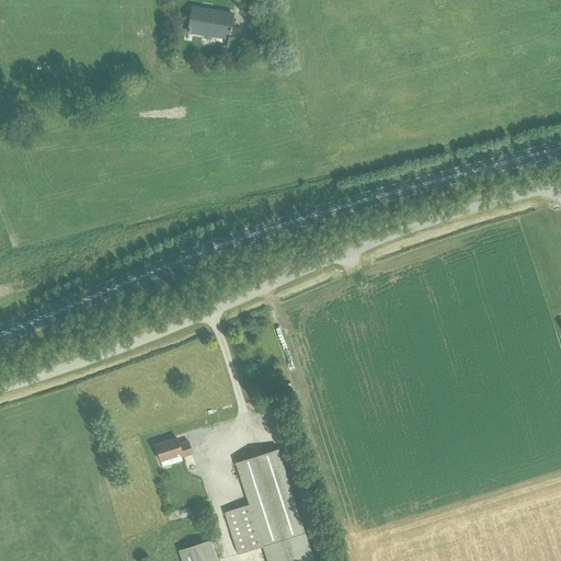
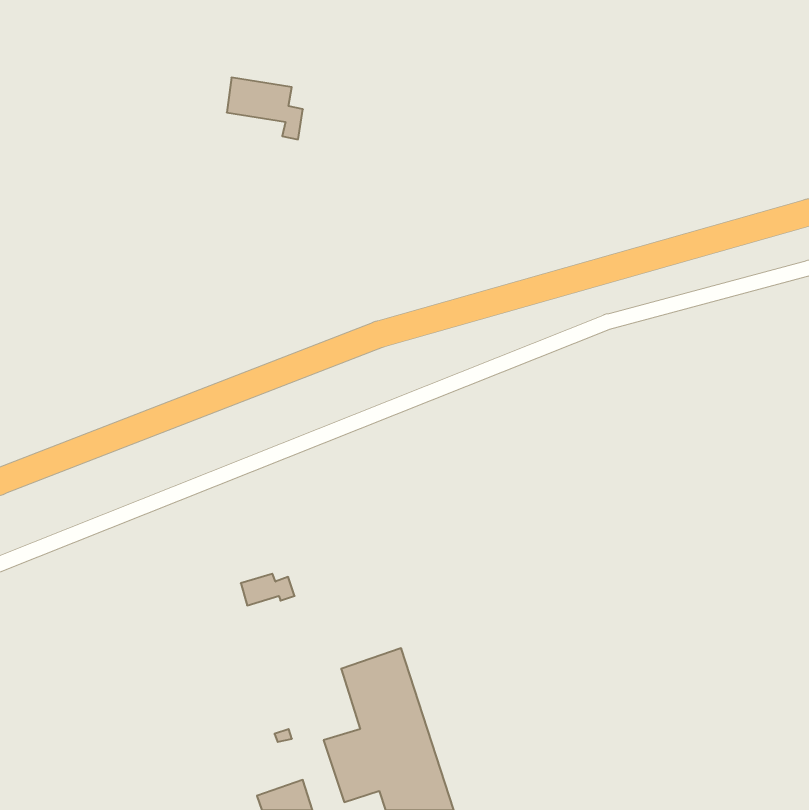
building: [185,7,238,49] -> [227,78,303,139]
building: [153,438,191,460] -> [241,574,295,605]

